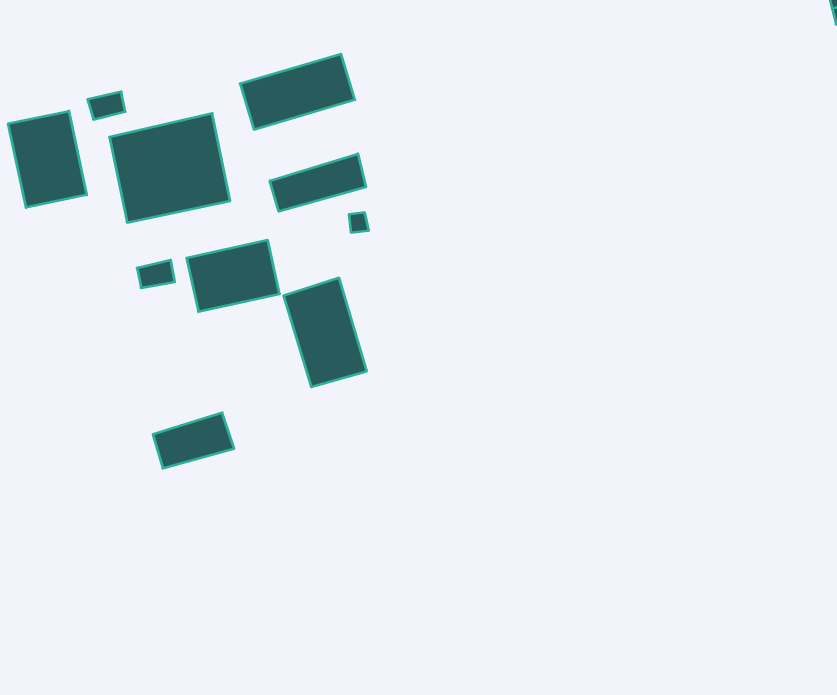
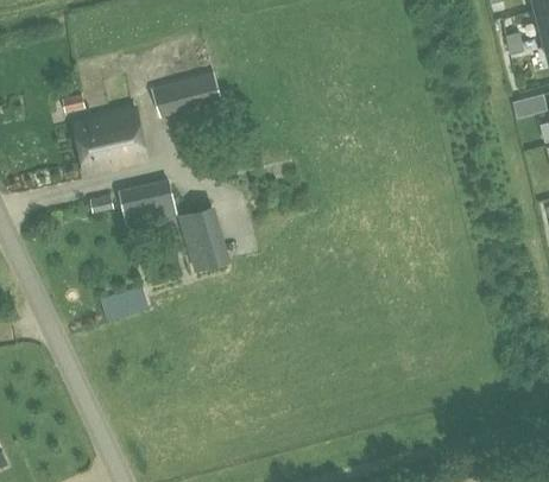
building: [8,111,87,208] -> none
building: [270,154,366,211] -> none

